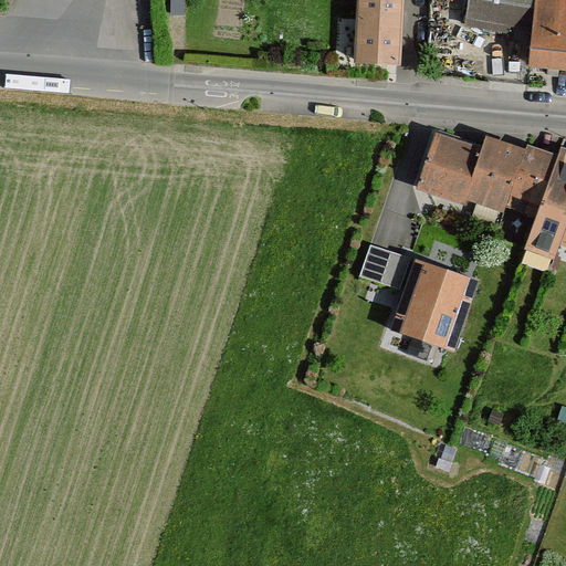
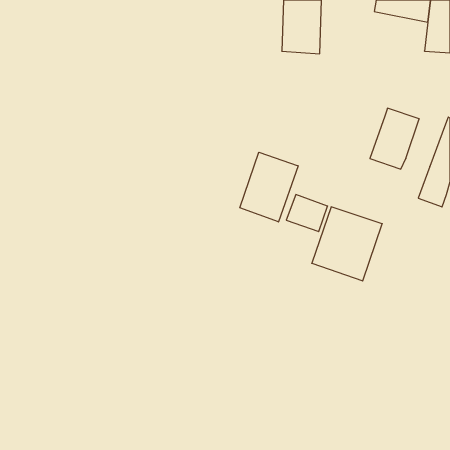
building: [416,133,483,205] -> none
building: [510,145,559,209] -> none
building: none -> [240,152,298,222]

